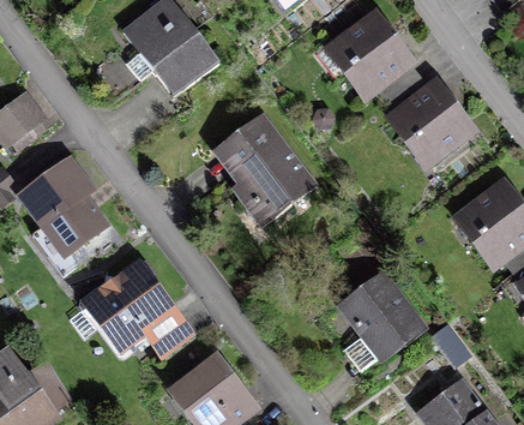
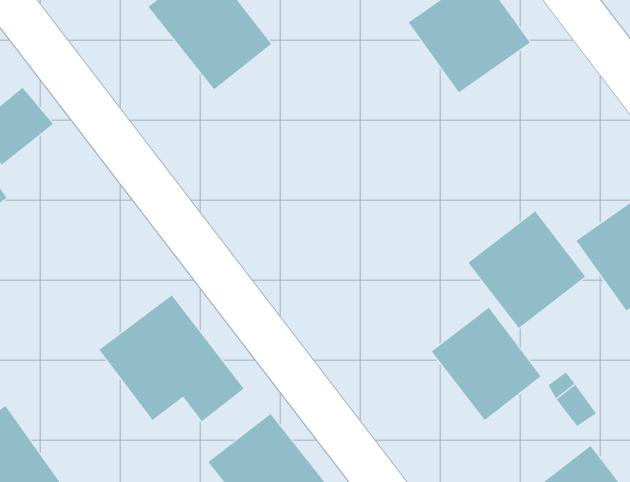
building: [386,78,478,170] -> [468,210,586,329]
building: [216,114,318,220] -> none
building: [17,154,109,258] -> none

